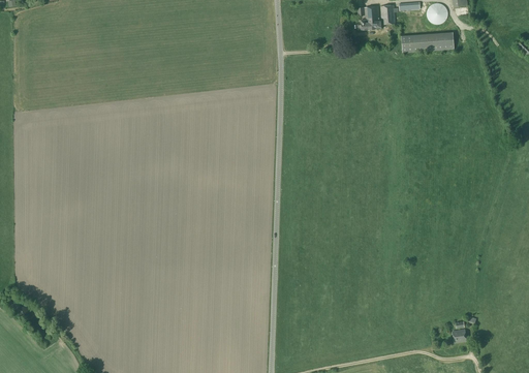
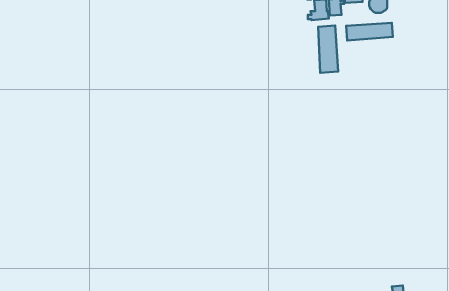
building: none -> [318,26,338,73]

